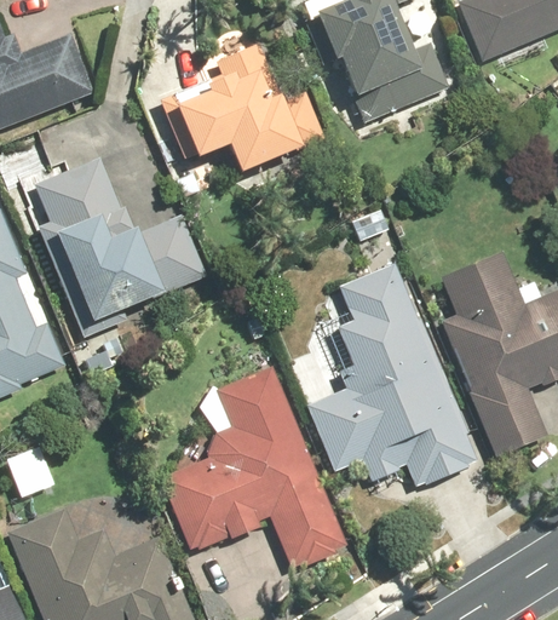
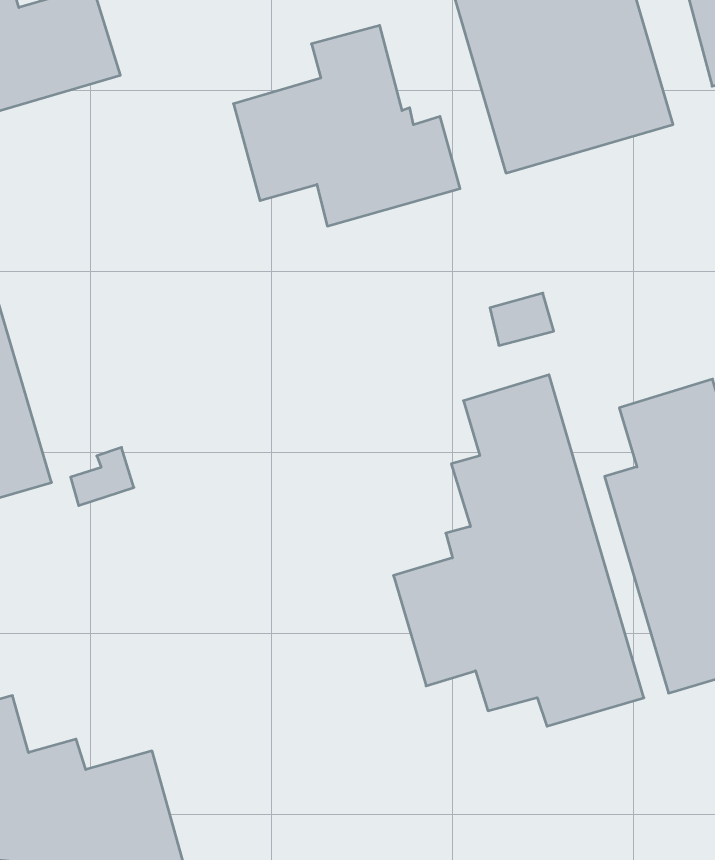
building: [30,160,212,339] -> none
building: [161,364,345,568] -> none

